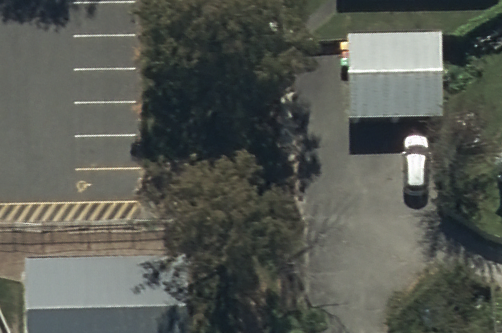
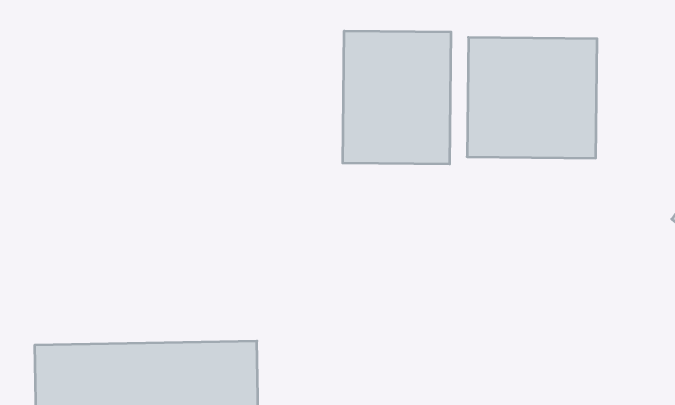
building: none -> [343,31,451,164]

